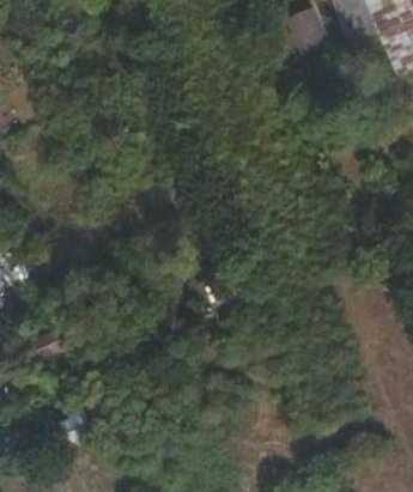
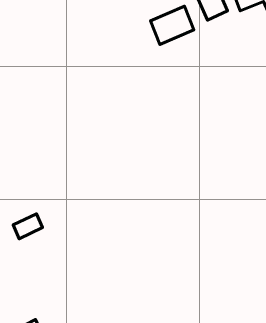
building: none -> [151,6,194,45]

